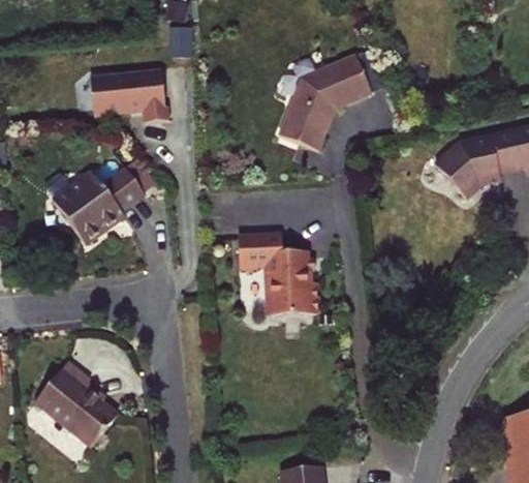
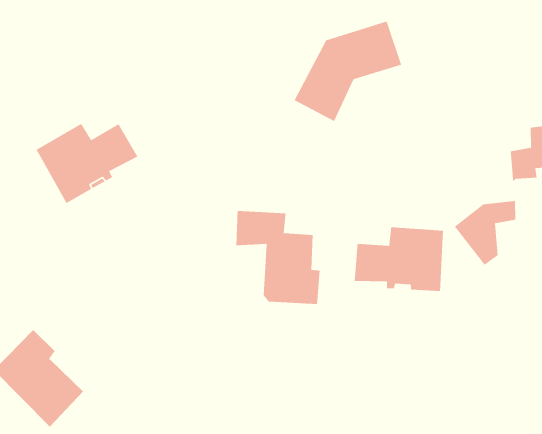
building: [91,69,167,121] -> none
building: [436,135,491,197] -> [454,200,516,266]
building: none -> [354,227,444,292]

